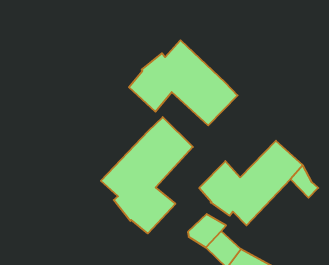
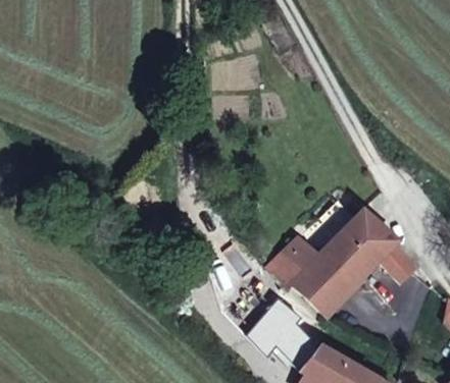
building: [129,40,238,125] -> none
building: [101,117,193,233] -> none

